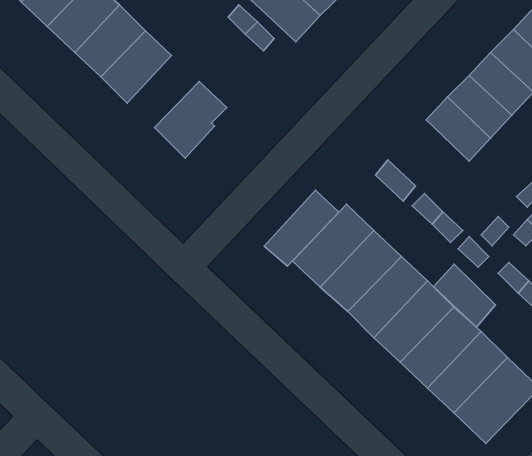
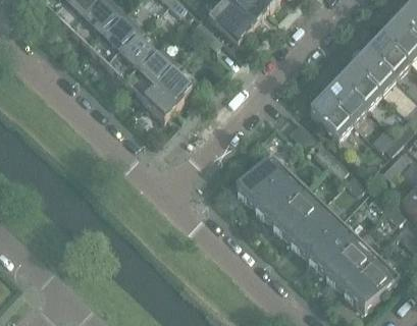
building: none -> [124,50,172,98]
building: none -> [309,93,352,135]
building: [264,190,339,266] -> none
building: [433,264,496,327] -> none

